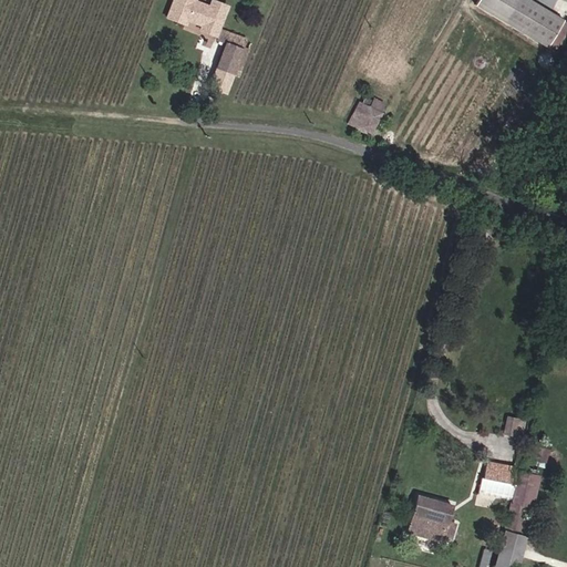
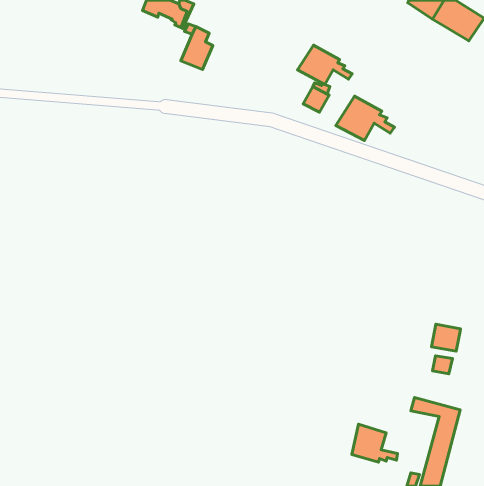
building: none -> [298,45,352,84]
building: none -> [336,96,395,141]
building: none -> [432,324,461,351]

